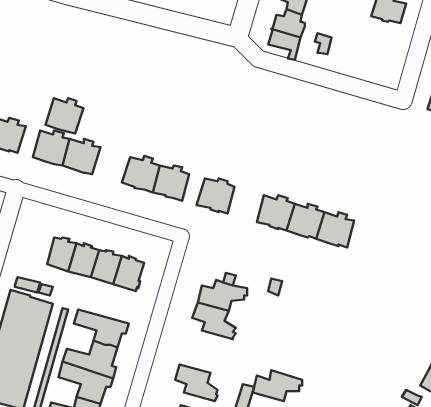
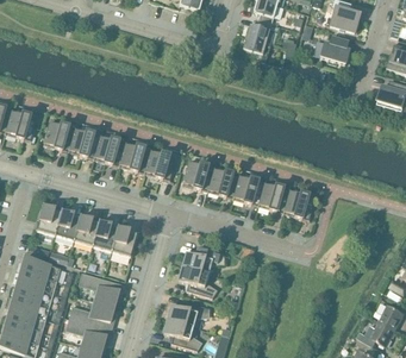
building: none -> [320,34,349,63]
building: [46,98,84,133] -> [94,134,126,164]
building: none -> [208,168,239,197]
building: none -> [37,205,62,233]
building: [253,370,302,401] -> [168,299,210,325]

